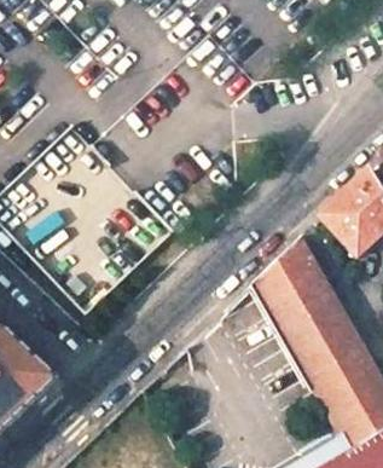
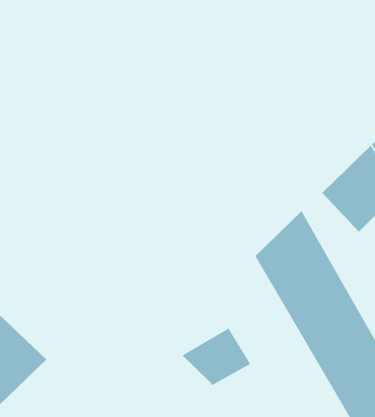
building: none -> [182,327,251,386]

